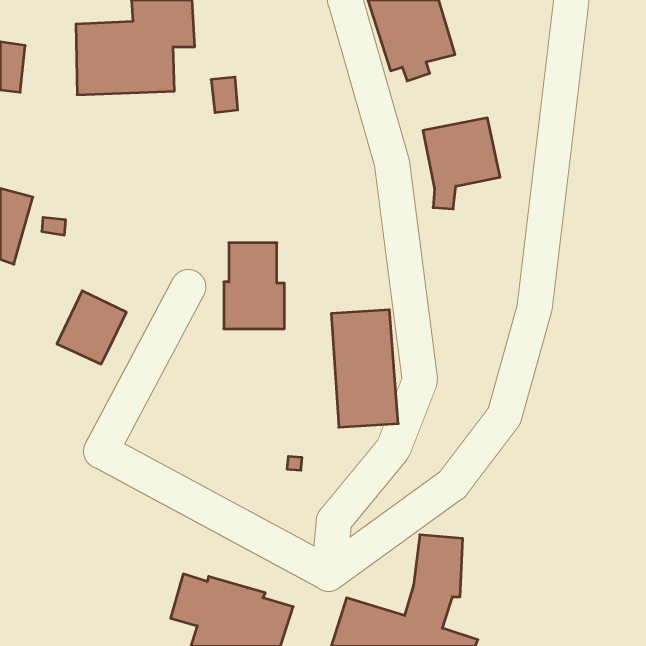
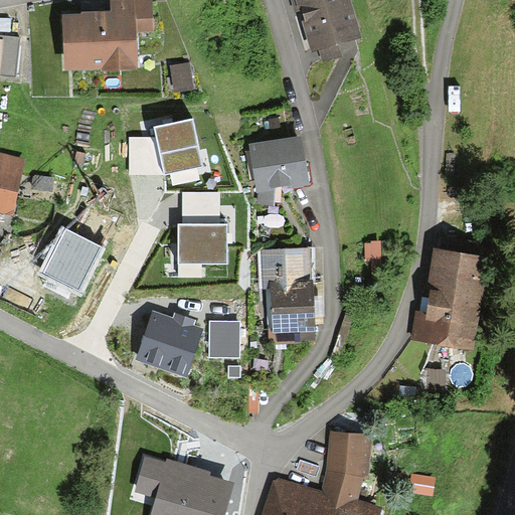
building: [423,118,500,209] -> [249,130,311,202]
building: none -> [129,120,203,175]
building: none -> [414,241,485,342]
building: none -> [138,310,201,370]
building: none -> [209,319,239,353]

